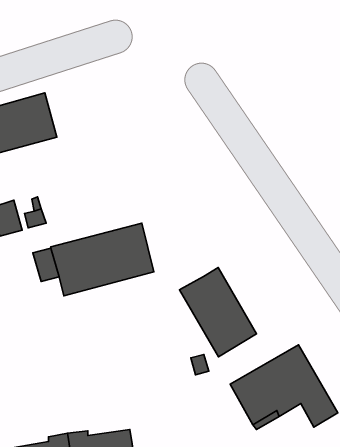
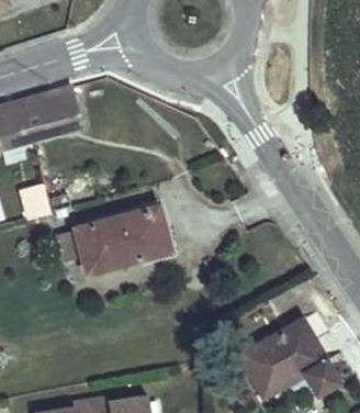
building: [180,268,256,357] -> none

